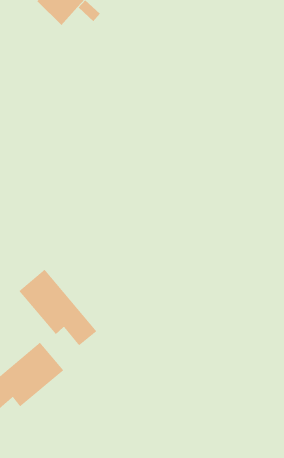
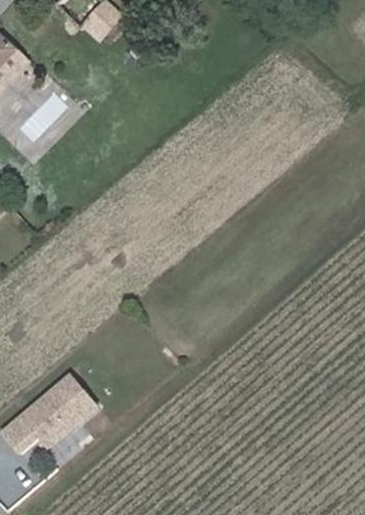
building: [19,269,97,346] -> none

